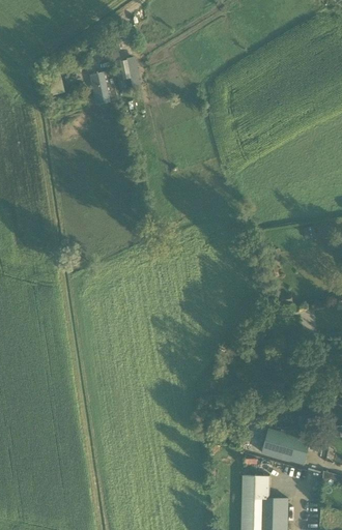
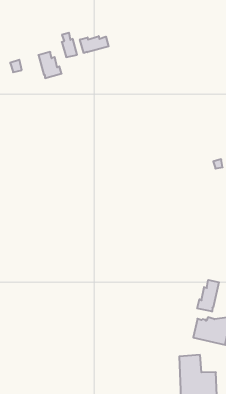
building: none -> [80,36,109,53]
building: none -> [197,280,219,312]

